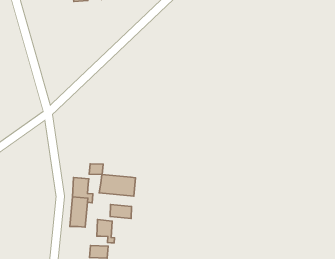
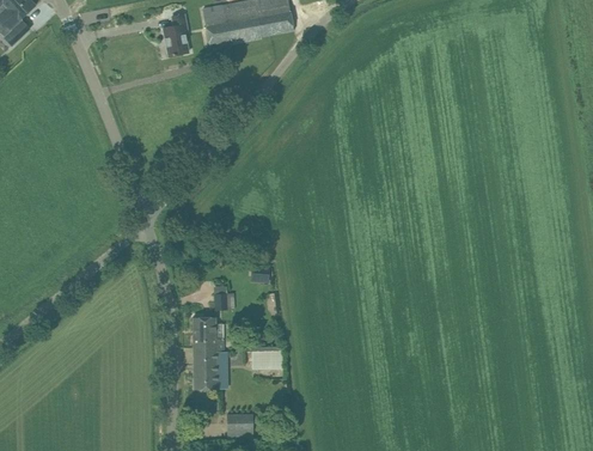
building: [99,175,135,196] -> none
building: [97,219,114,243] -> none

